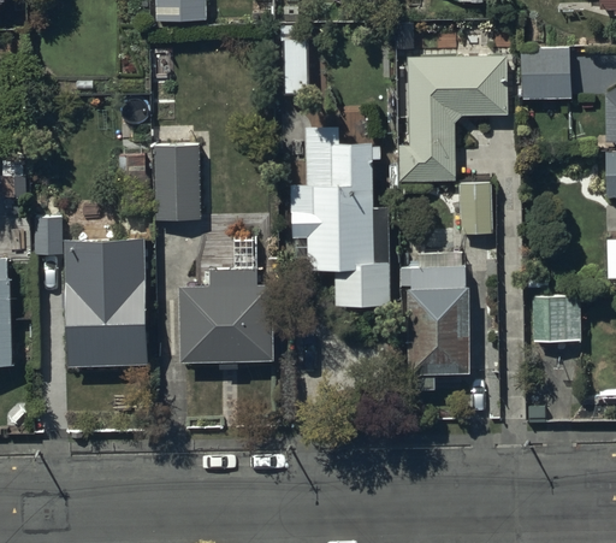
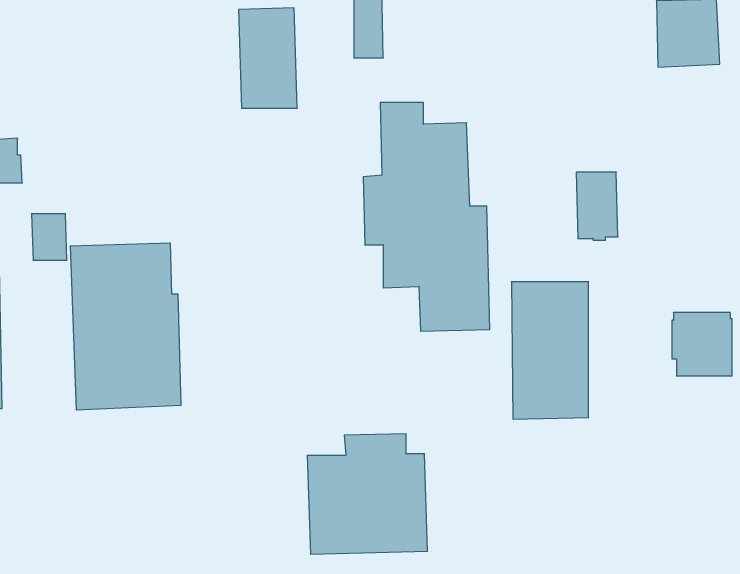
building: [399,55,508,181] -> none
building: [153,142,199,220] -> [239,8,297,108]
building: [180,270,274,364] -> [307,434,428,554]

